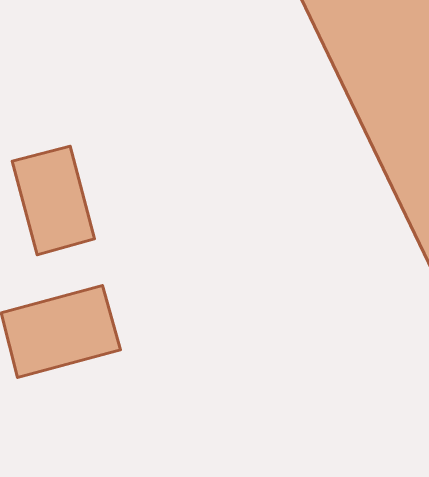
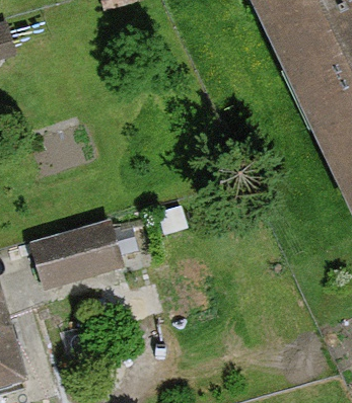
building: [12,146,94,255] -> none

